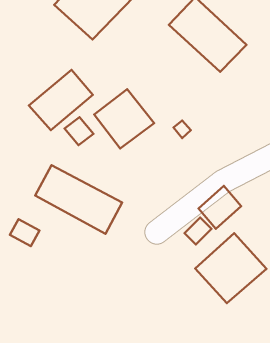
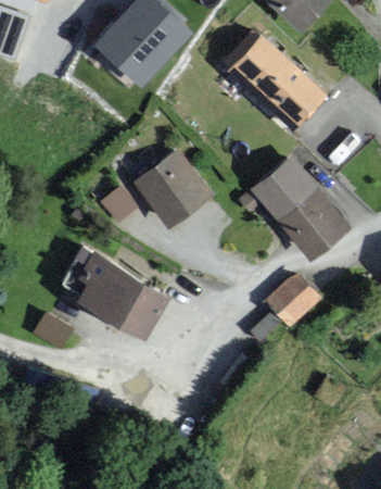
building: [29,70,93,130] -> none
building: none -> [255,155,351,258]
building: [195,233,266,303] -> none

